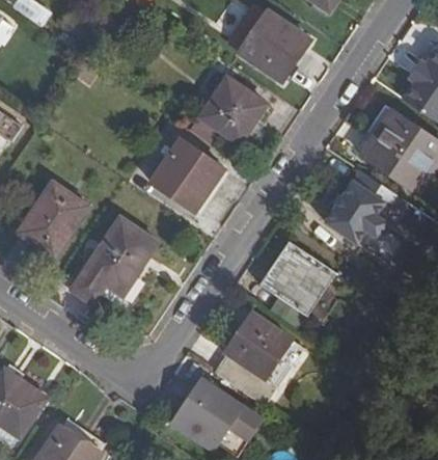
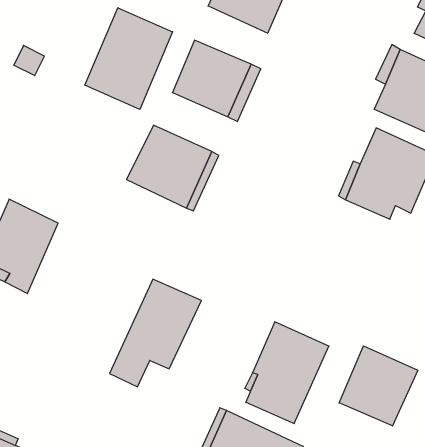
building: none -> [85,8,173,109]
building: [73,217,157,302] -> [110,279,201,387]
building: [257,241,329,314] -> none
building: none -> [339,346,418,426]

